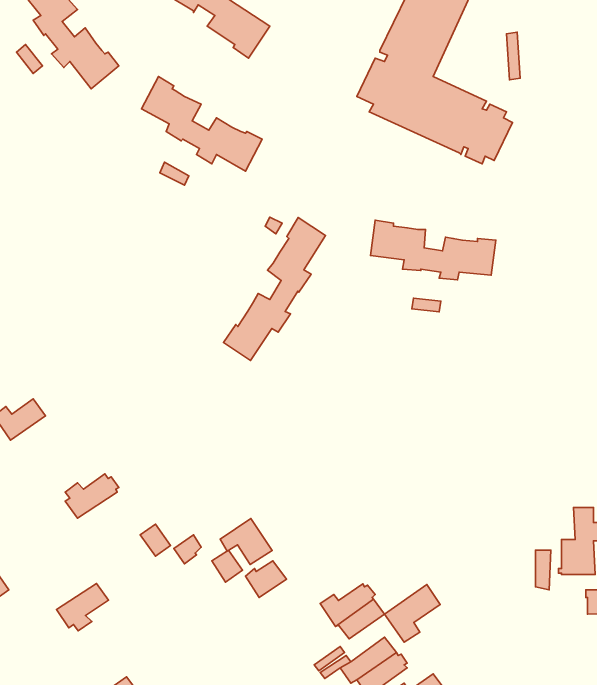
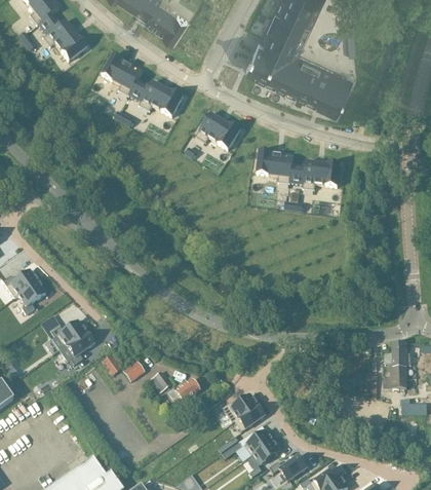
building: none -> [195,112,240,149]
building: [223,218,325,360] -> none
building: none -> [13,280,45,313]
building: [220,519,272,565] -> none
building: [57,583,109,631] -> [58,332,93,364]
building: [384,585,440,642] -> none

